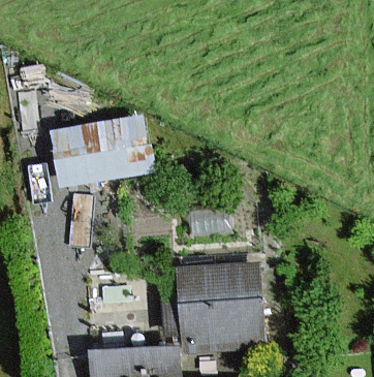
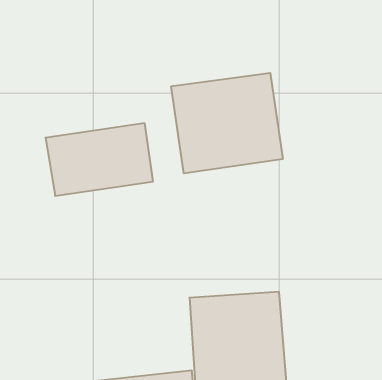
building: none -> [171,73,283,173]

